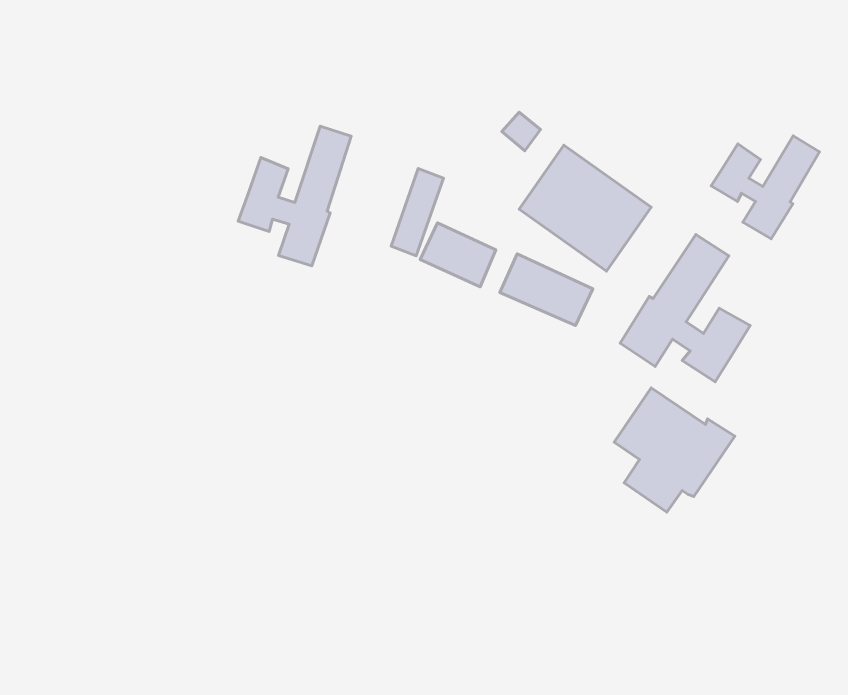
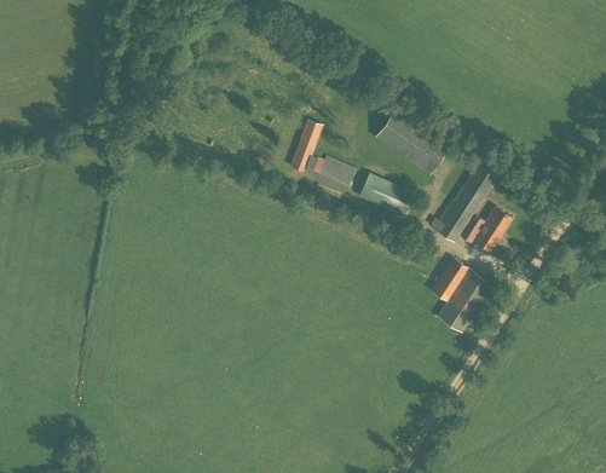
building: [238,126,351,266] -> none
building: [711,136,819,239] -> none

